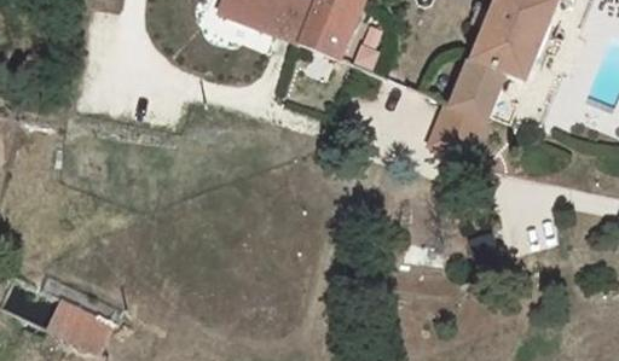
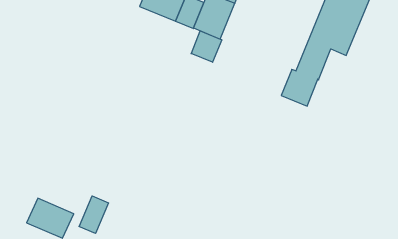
building: none -> [191,31,222,62]
building: none -> [79,196,109,233]

